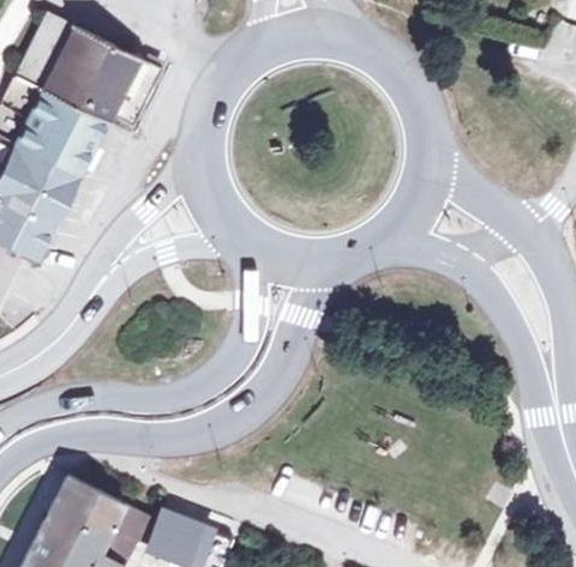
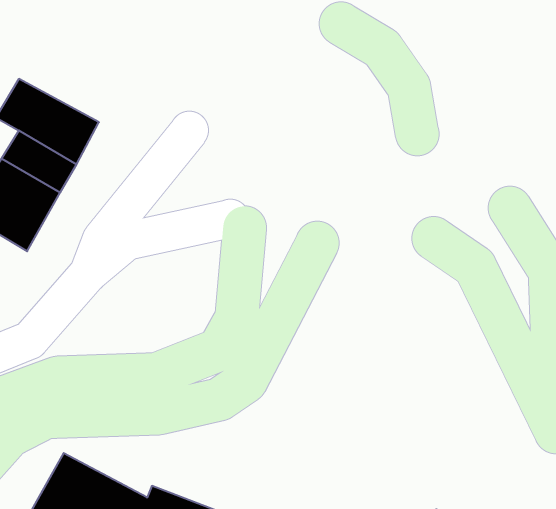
building: [14,26,160,139] -> none

